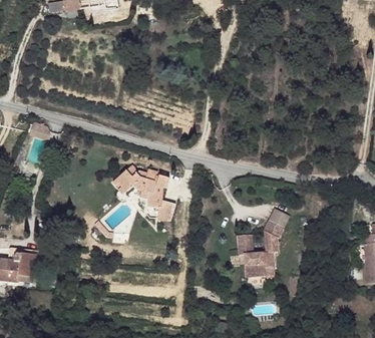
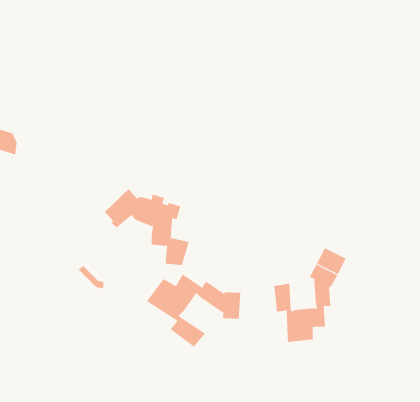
building: none -> [146,274,241,347]

